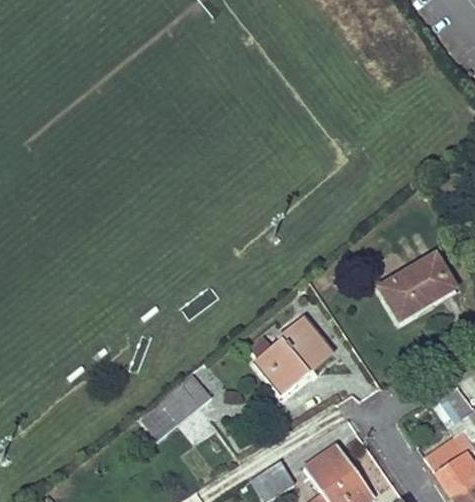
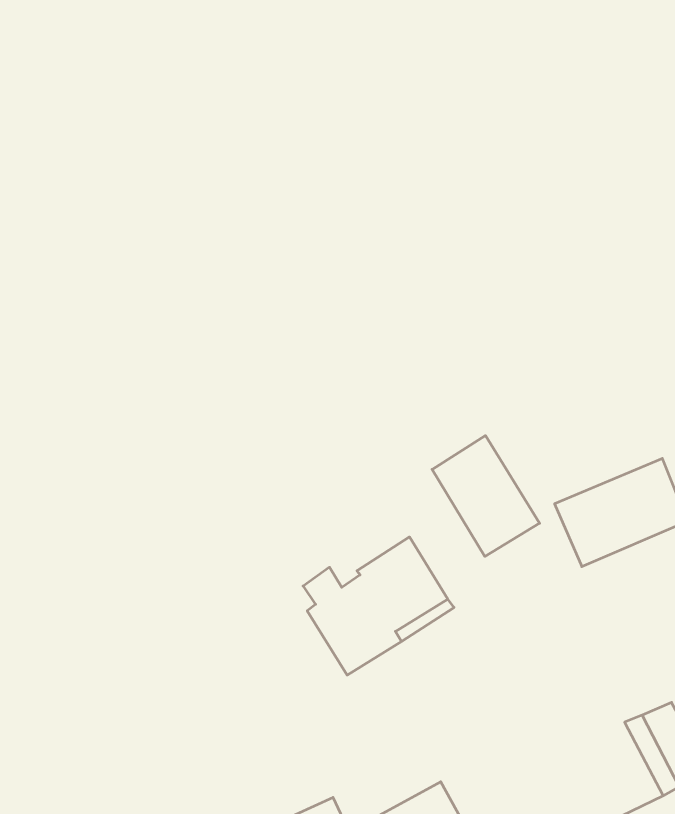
building: none -> [432,436,540,556]
building: [140,372,212,441] -> none

